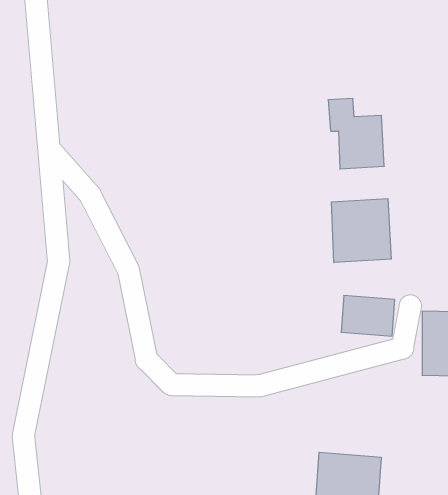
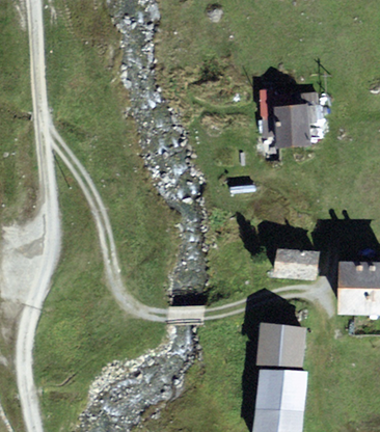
building: [331,199,391,263] -> none
building: none -> [255,326,304,370]

